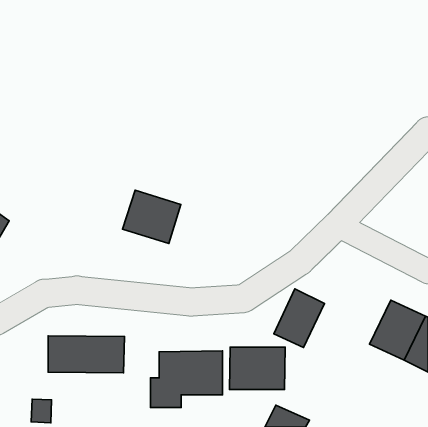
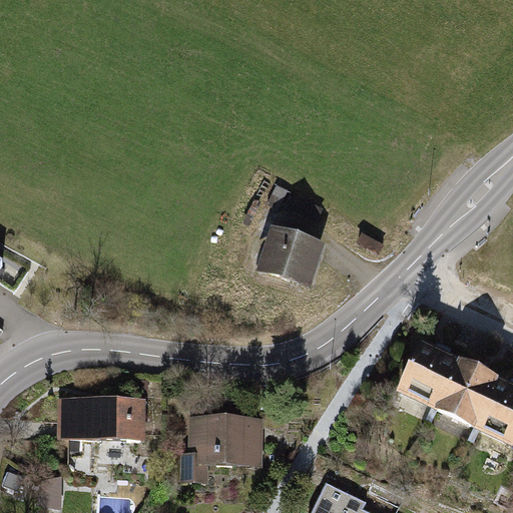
building: [122,190,181,243] -> [249,222,319,286]
building: [274,289,325,347] -> [403,339,463,408]
building: [229,347,285,389] -> none

